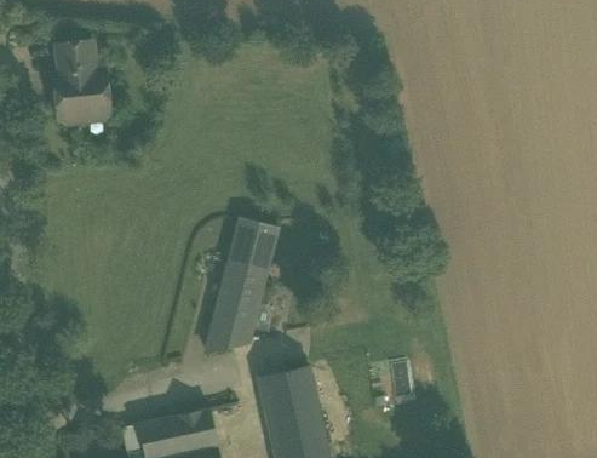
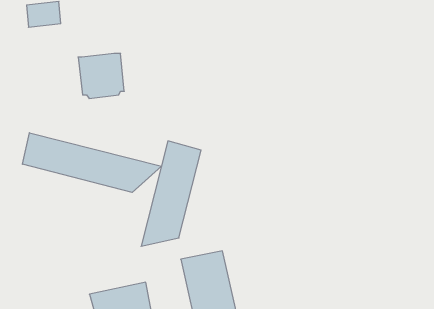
building: [51,68,111,127] -> [78,53,124,99]
building: none -> [22,133,161,192]

